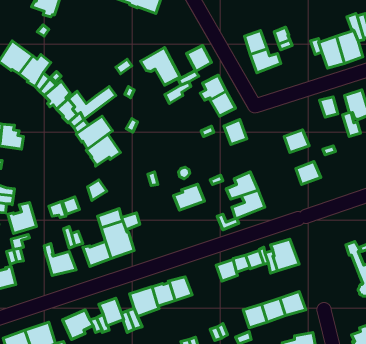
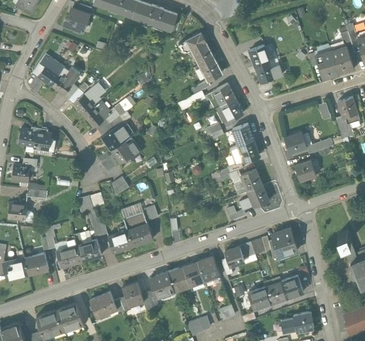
building: [140,48,180,85] -> [178,33,213,66]
building: [174,184,204,210] -> [231,141,258,164]
building: [8,203,36,233] -> [56,240,81,267]
building: none -> [198,256,221,286]

